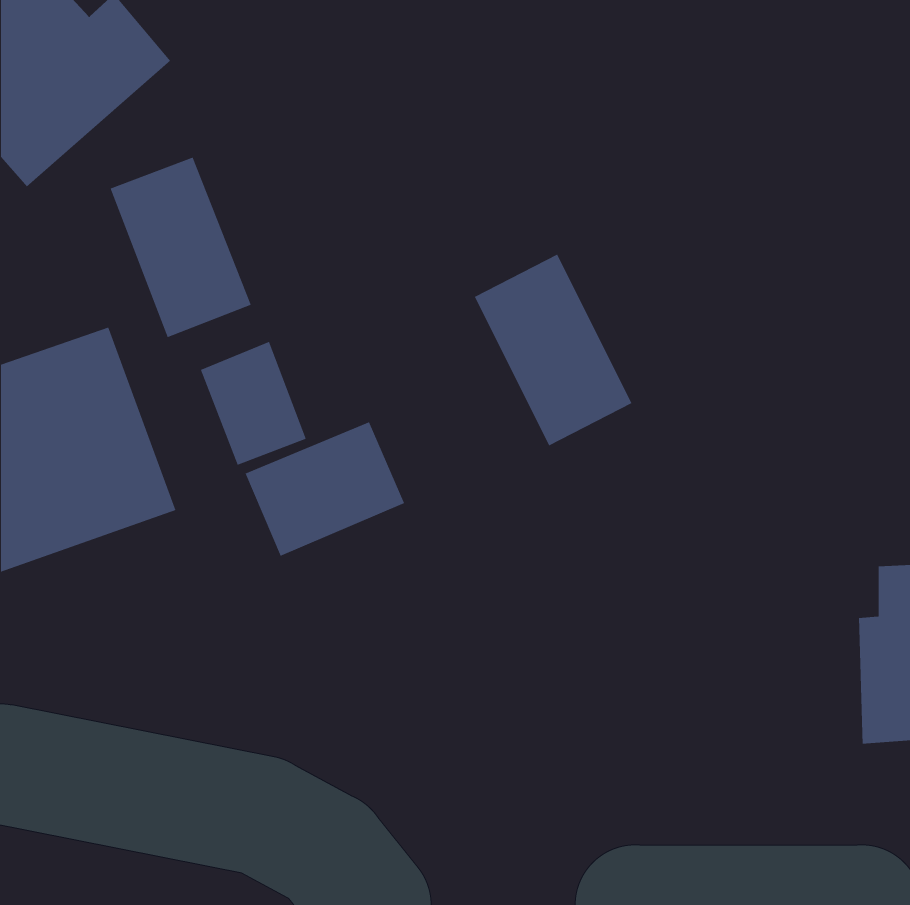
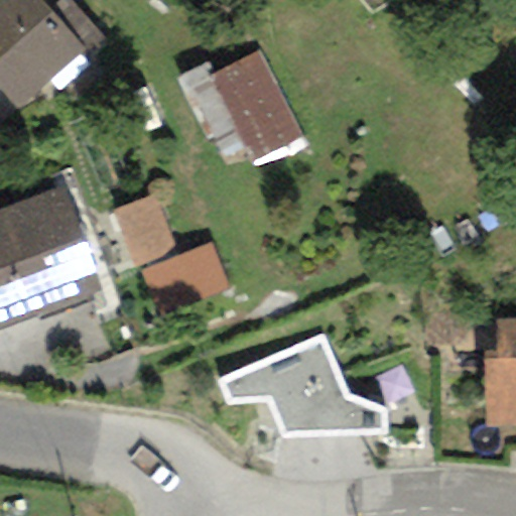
building: [109,157,252,338] -> none
building: [474,254,633,446] -> [210,48,299,157]
building: none -> [216,336,387,434]

